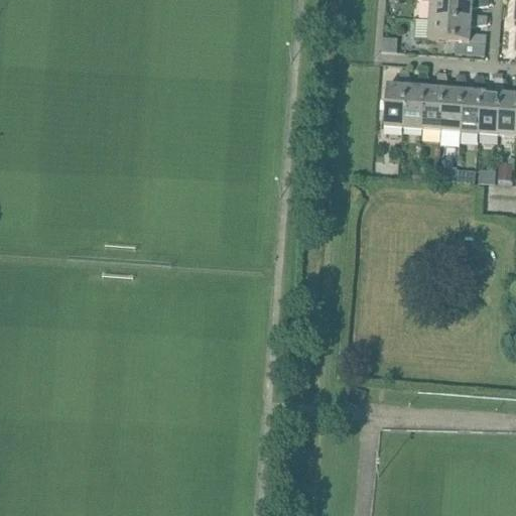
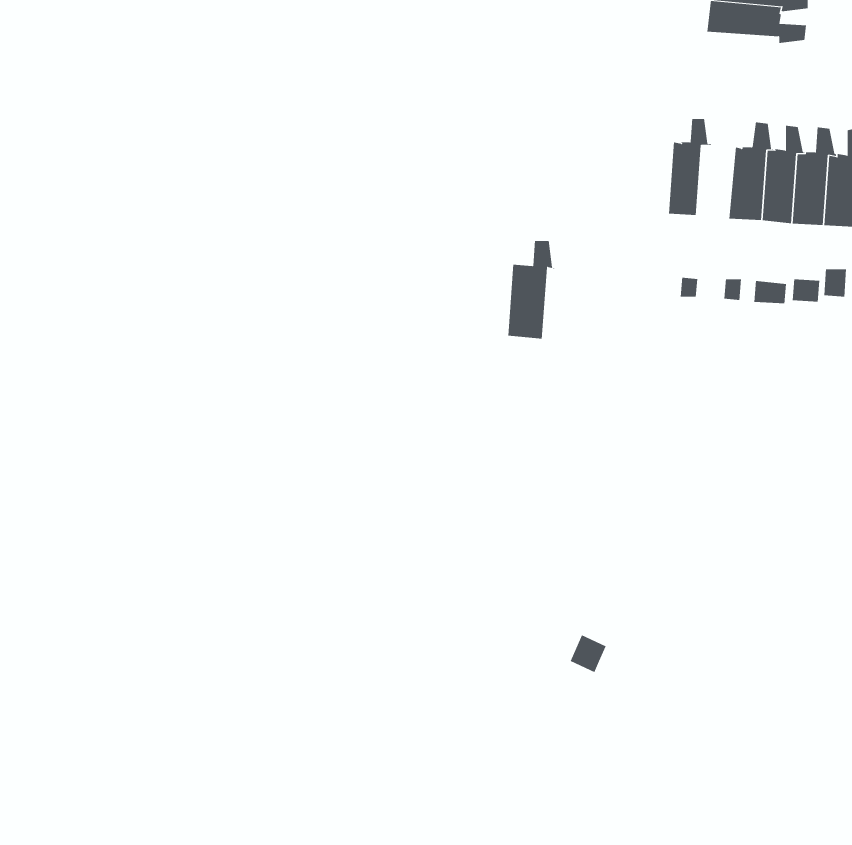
building: [426,19,486,53] -> none
building: [383,70,412,129] -> [508,241,556,339]
building: [421,73,448,132] -> none

